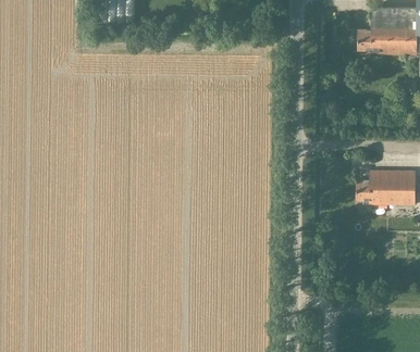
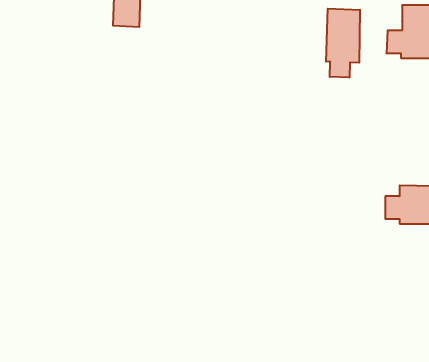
building: none -> [326,9,360,78]

